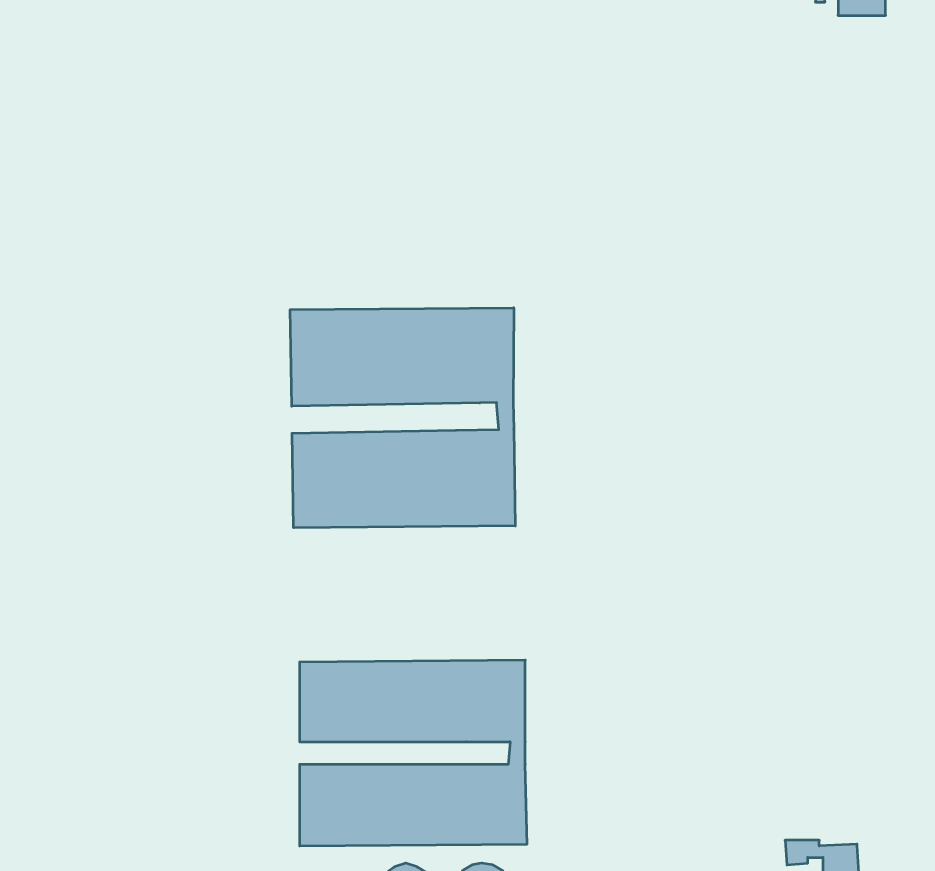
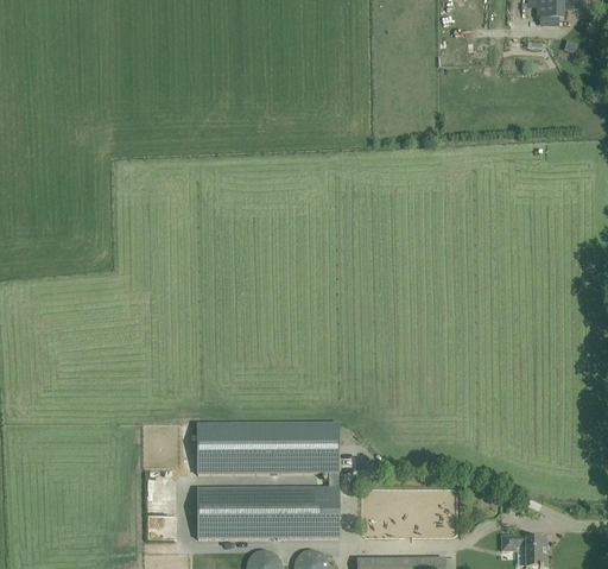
building: [290,308,515,528] -> none

